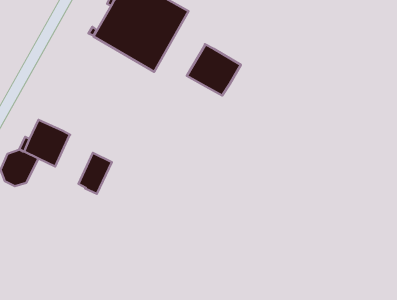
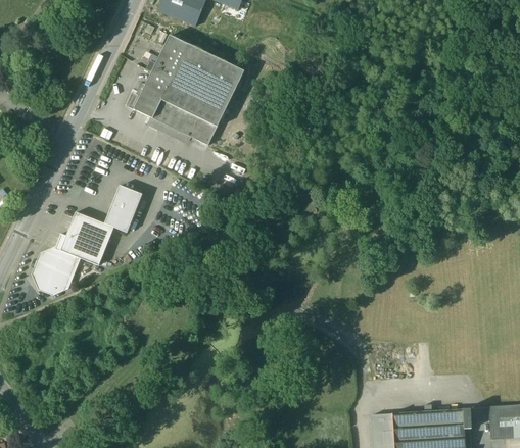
building: [187,44,241,96] -> none
building: [78,153,112,194] -> [104,186,142,234]

